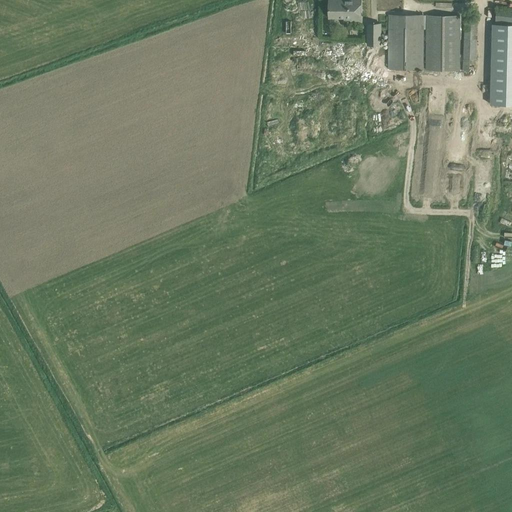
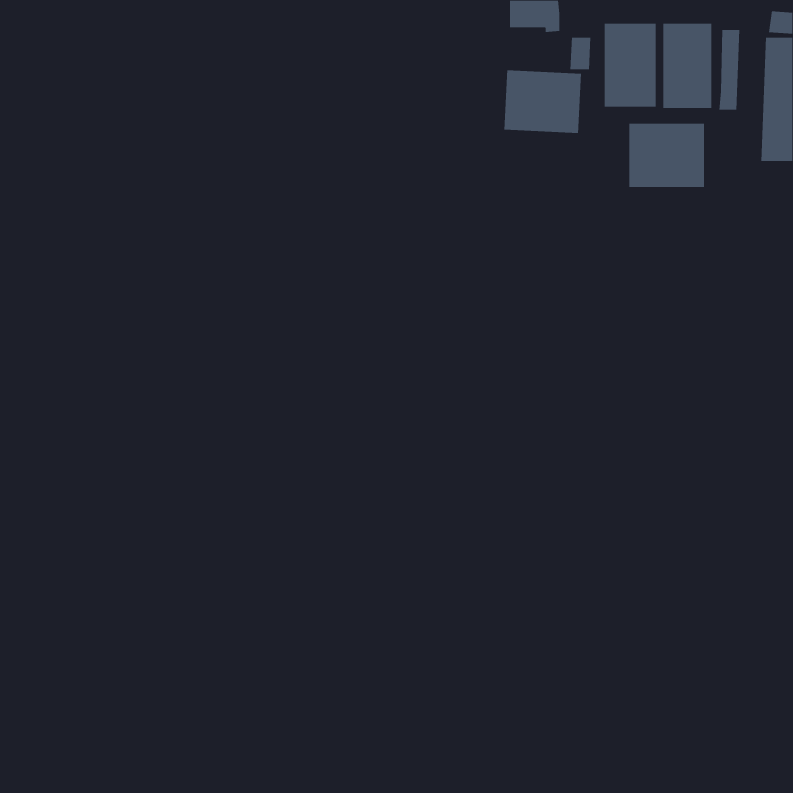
building: none -> [504,70,581,134]
building: none -> [629,123,705,188]

